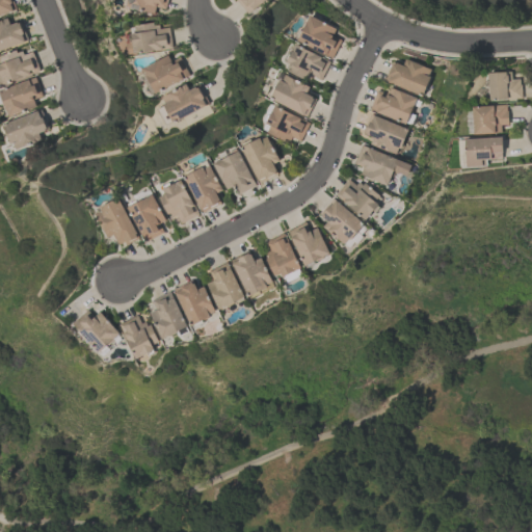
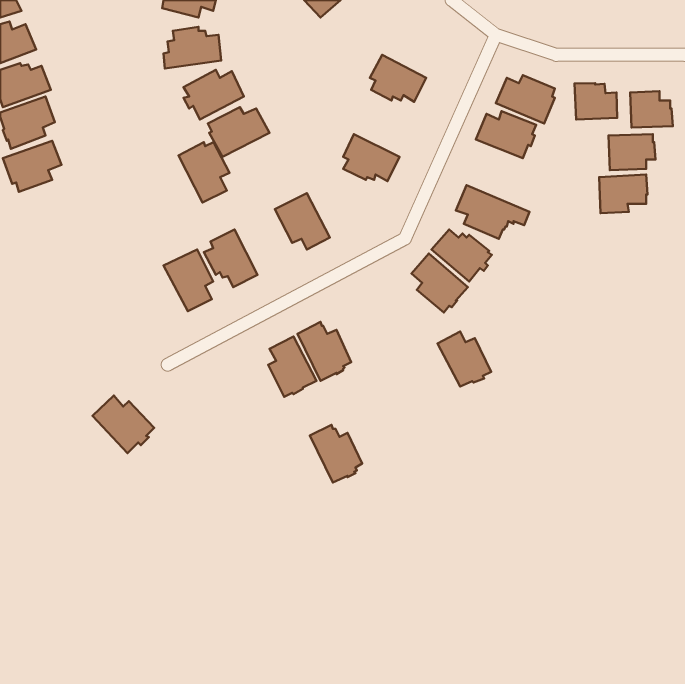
building: [297,16,342,58] -> none
building: none -> [575,83,617,119]
building: [270,74,316,116] -> none
building: [363,113,407,155] -> none
building: [241,136,280,181] -> none
building: [183,165,222,212] -> [178,142,229,202]
building: [95,196,140,245] -> none
building: [288,221,329,264] -> [437,331,491,386]
building: [266,233,301,276] -> none
building: [175,281,215,325] -> [310,425,362,482]
building: [150,291,188,340] -> none
building: [119,316,159,358] -> none

